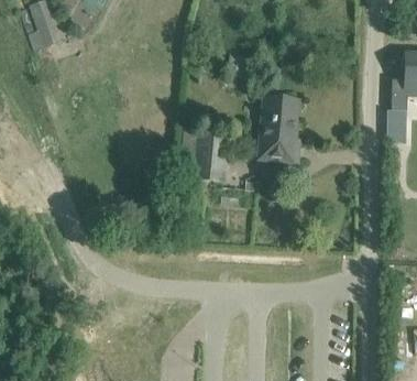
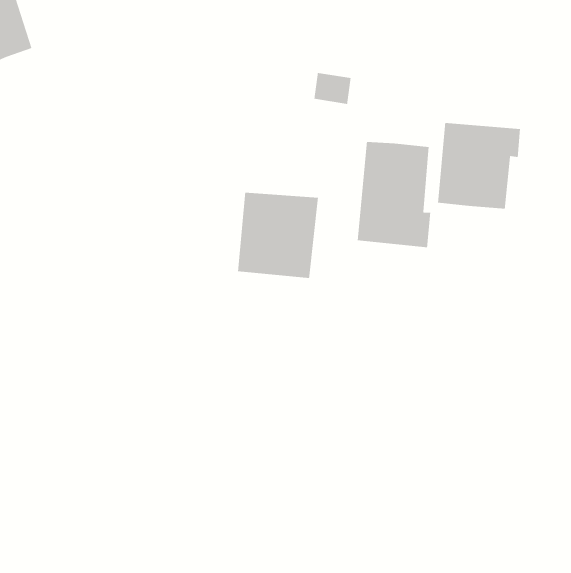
building: none -> [437,122,521,210]

